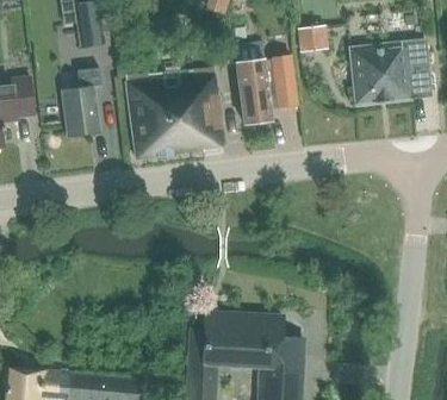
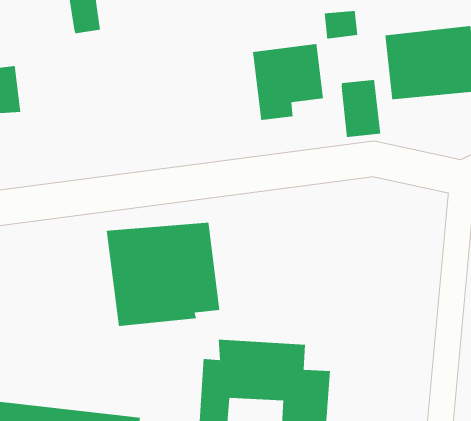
building: [61,67,100,136] -> none
building: [125,69,224,160] -> [106,222,220,327]
building: none -> [341,79,381,138]

